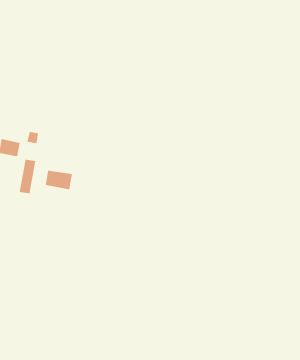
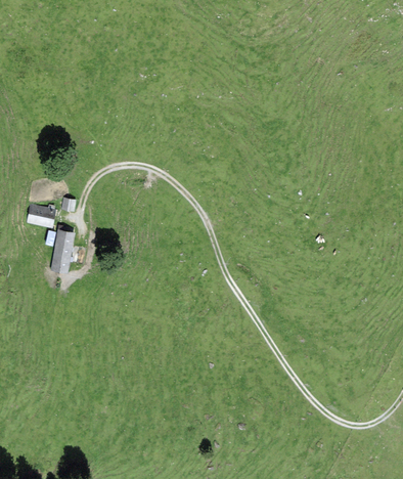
building: [45,170,73,190] -> none

